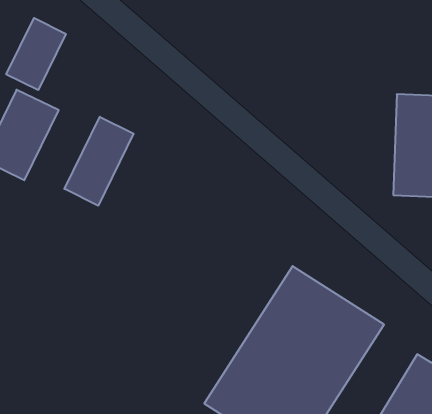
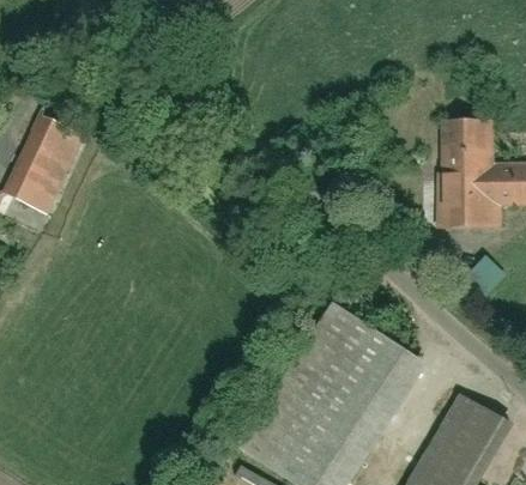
building: [6,18,66,90] -> none
building: [64,117,134,206] -> none

